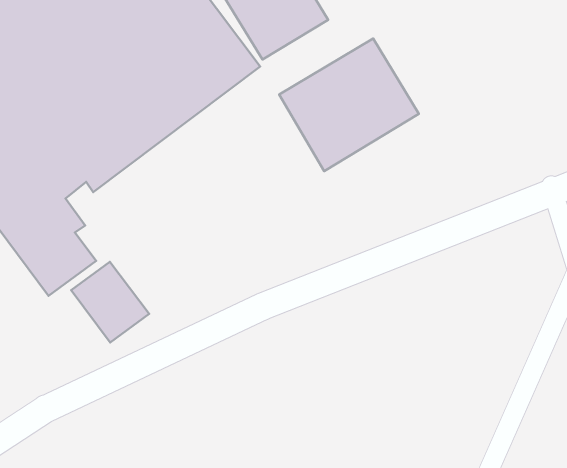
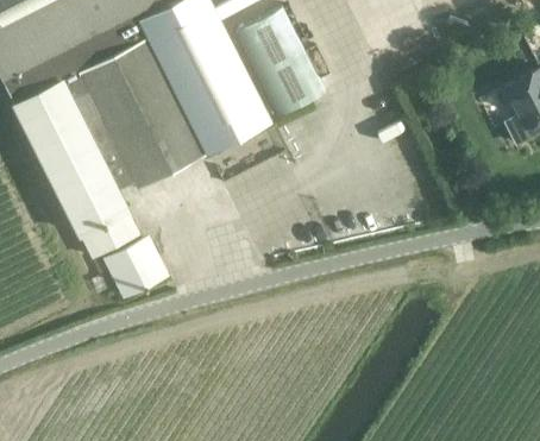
building: [279,39,419,171] -> none

